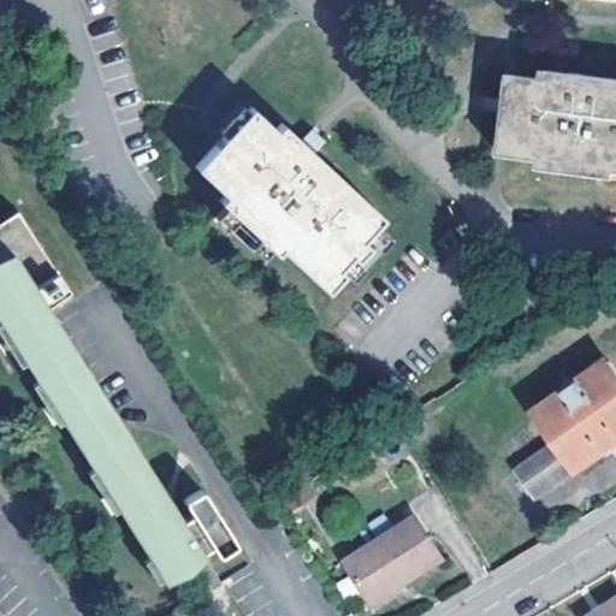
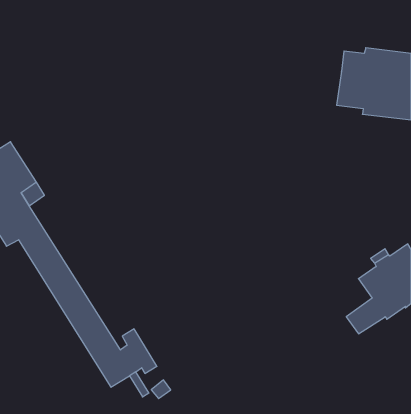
building: [192,106,378,289] -> none
building: [345,519,439,603] -> none

